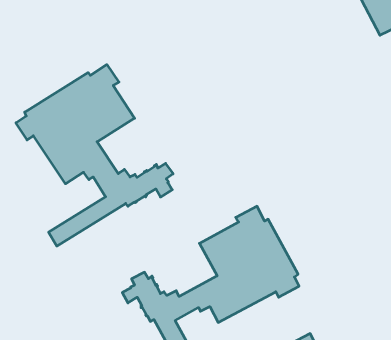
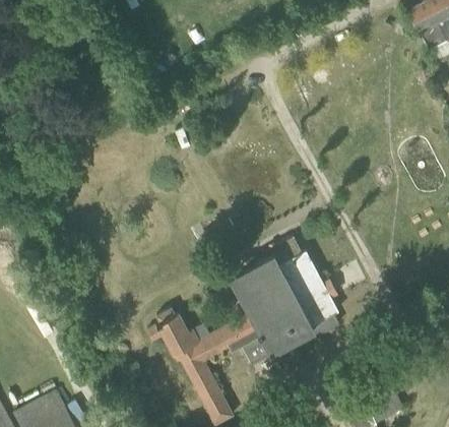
building: [16,65,173,246] -> none

